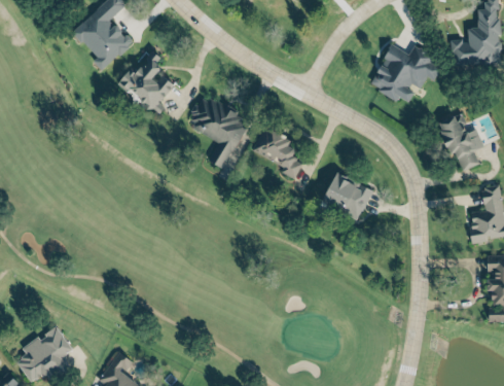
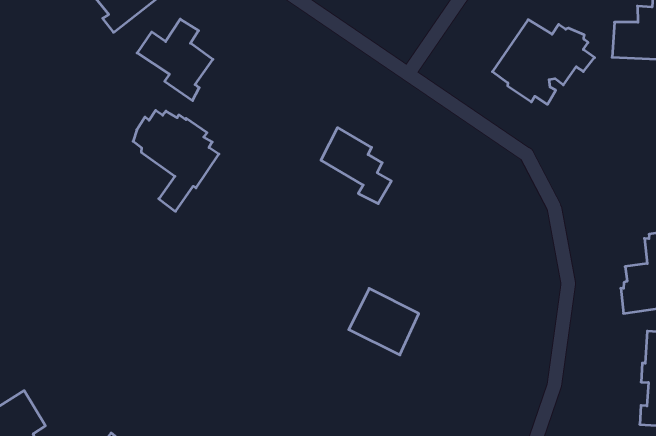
building: [189,98,250,168] -> [133,110,219,211]
building: [439,113,481,171] -> none
building: [323,173,371,218] -> [349,288,419,355]

